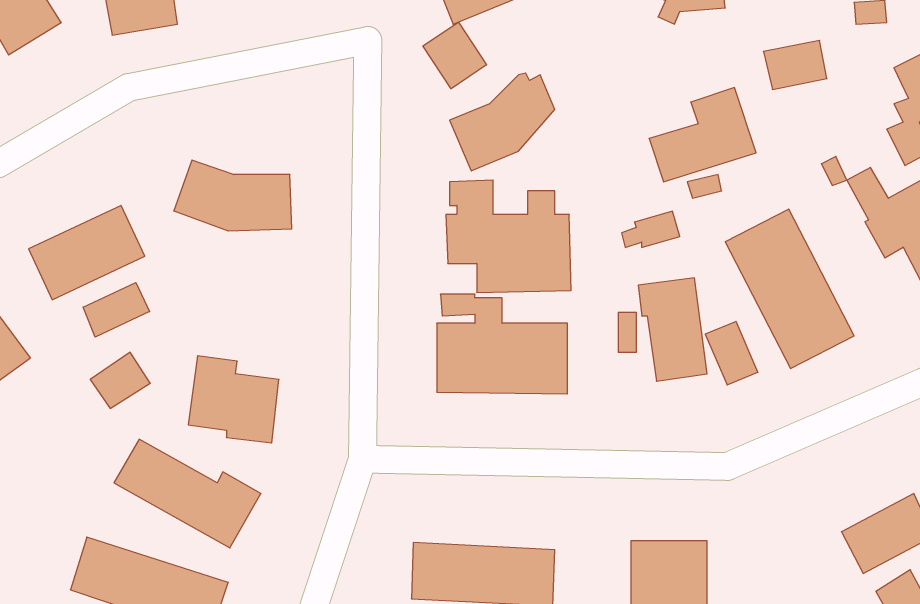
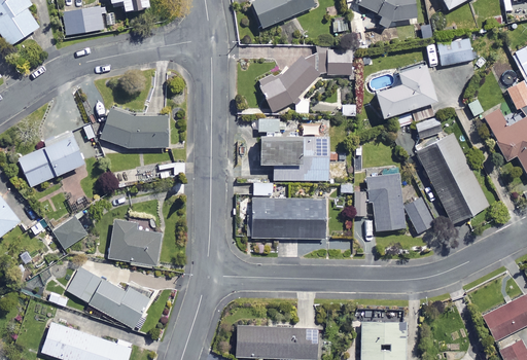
building: [423,22,487,89] -> none
building: none -> [319,51,349,76]
building: [622,211,680,247] -> [409,119,442,140]
building: [83,283,150,337] -> none

